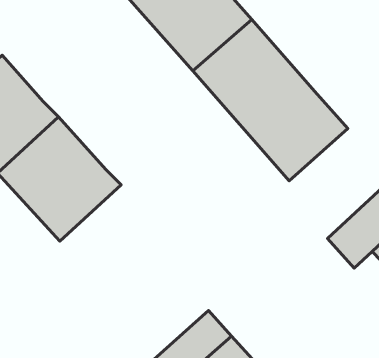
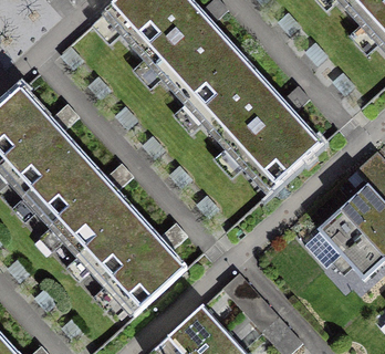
building: none -> [72,196,188,313]

